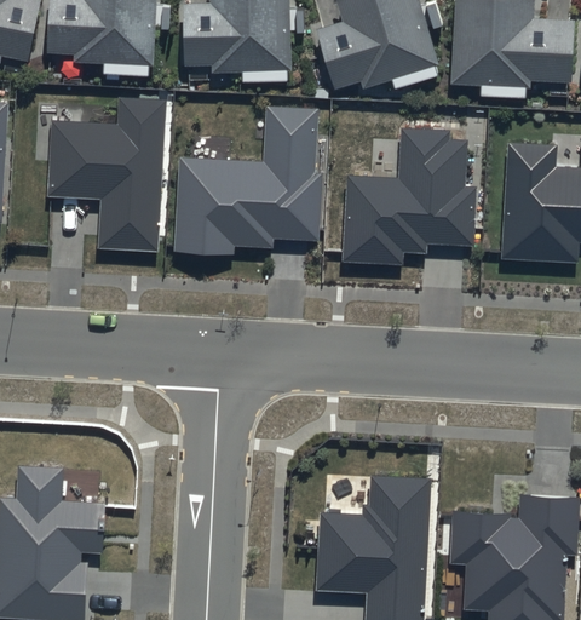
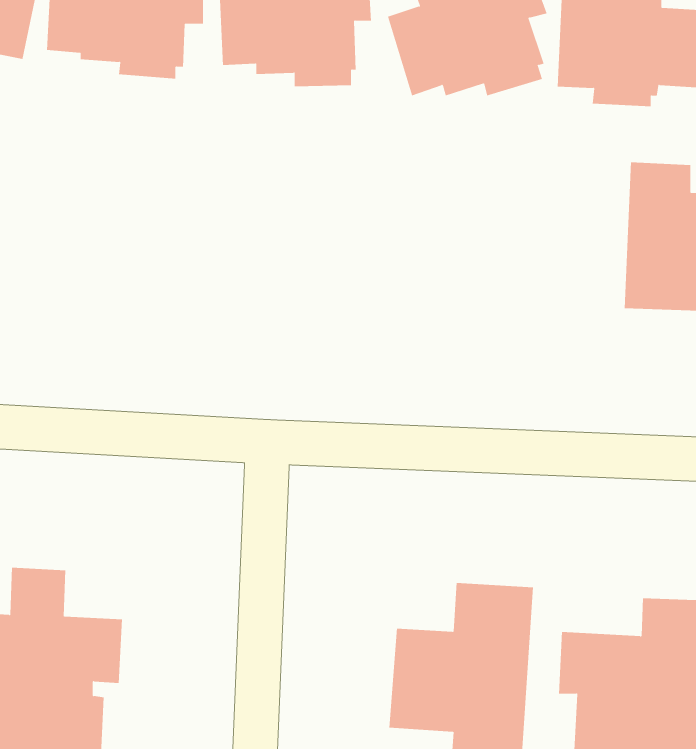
building: [48,94,166,249] -> none
building: [178,107,321,253] -> none
building: [341,128,476,264] -> none

